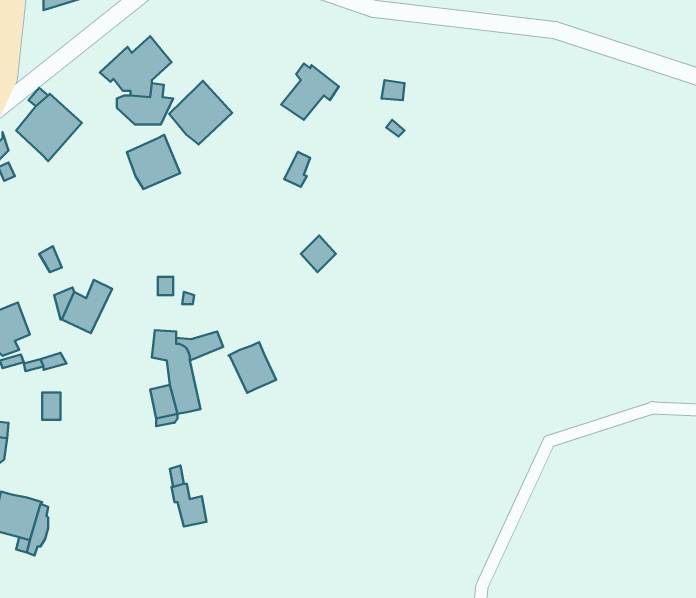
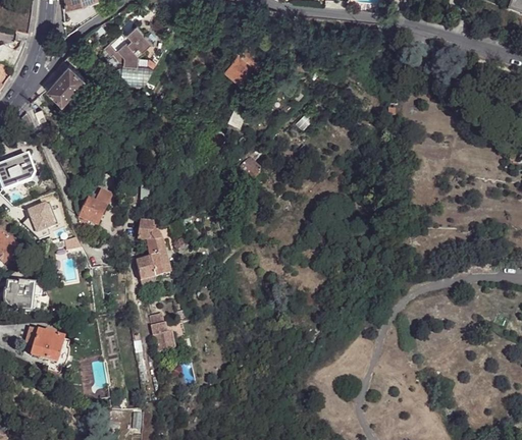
building: [169,81,232,145] -> none
building: [127,135,180,189] -> none
building: [229,342,276,393] -> none

